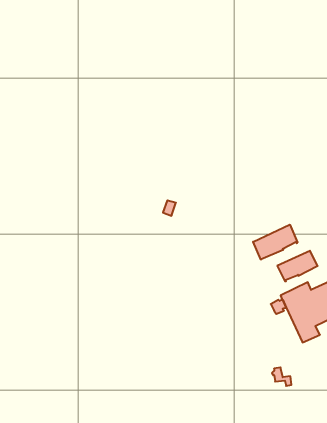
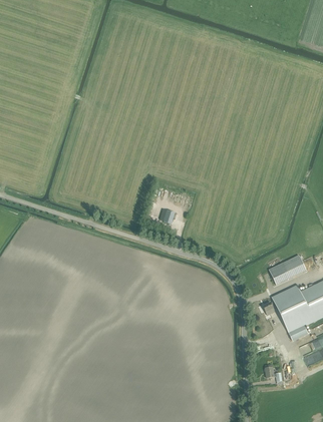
building: [253,225,298,260] -> none

